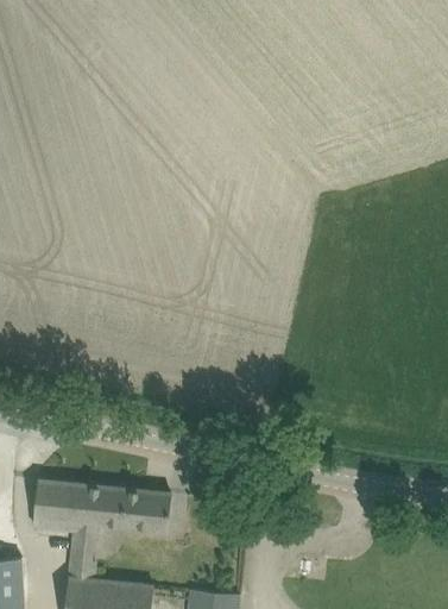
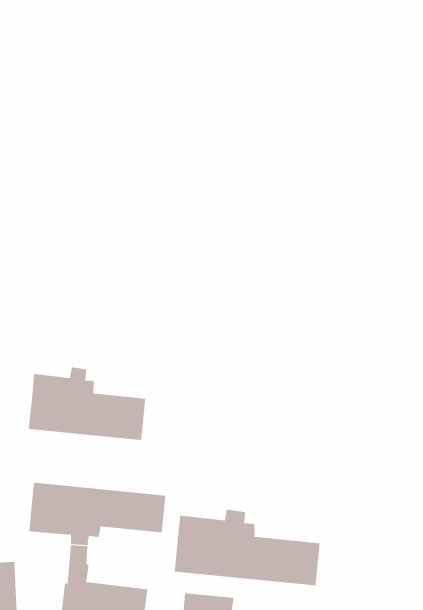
building: none -> [28,367,146,441]
building: none -> [174,509,320,586]

